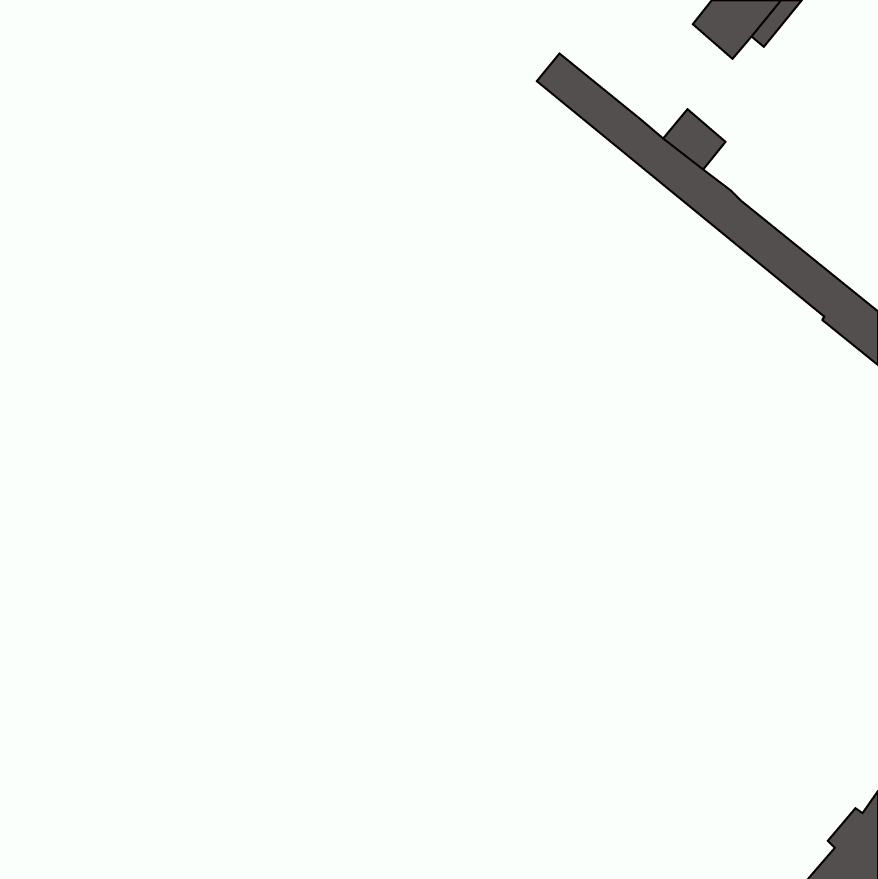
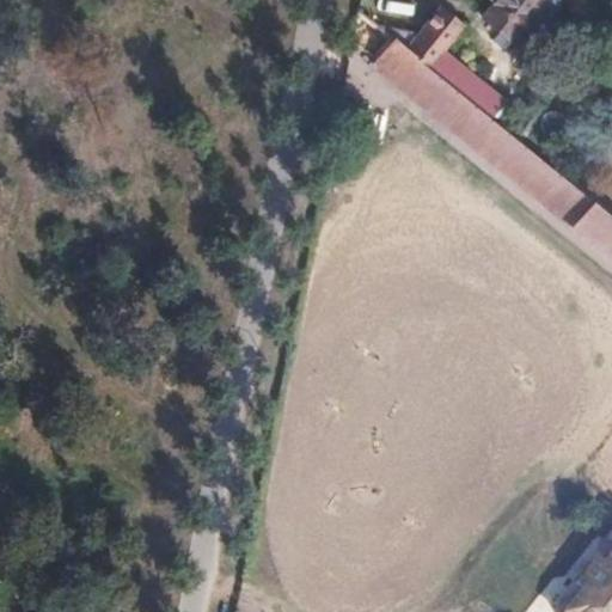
building: none -> [372,12,475,86]

